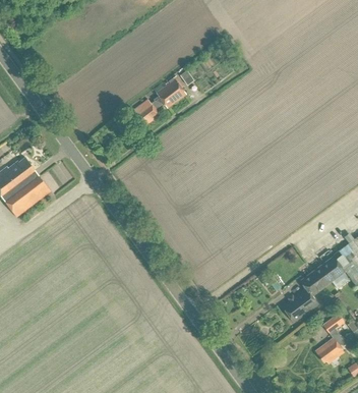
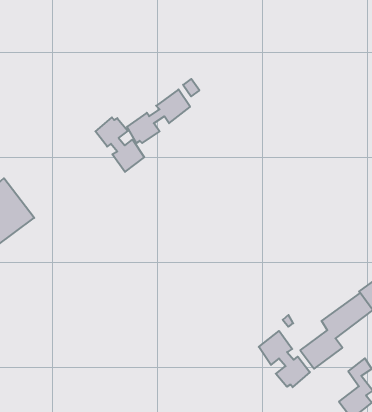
building: none -> [95,117,144,172]
building: none -> [259,331,310,387]

